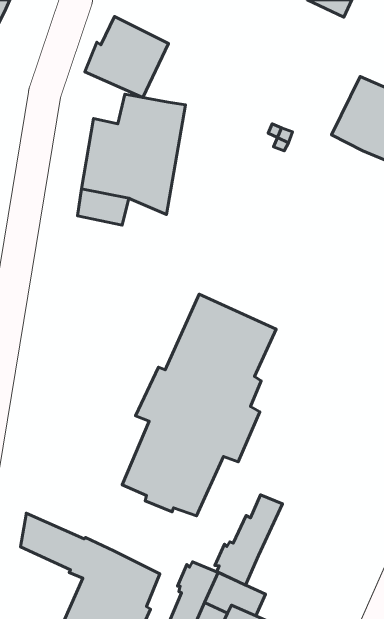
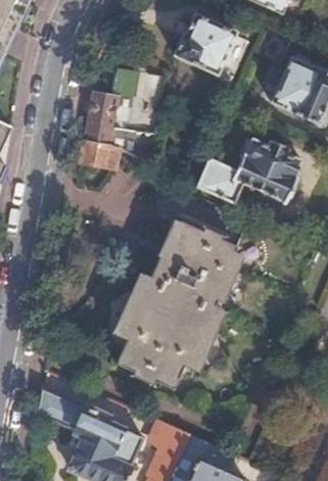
building: [85,16,169,98] -> [174,12,237,74]
building: none -> [196,137,302,200]
building: [215,495,283,585] -> none

